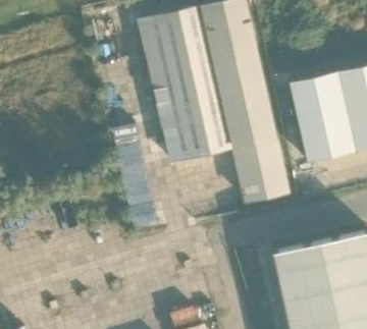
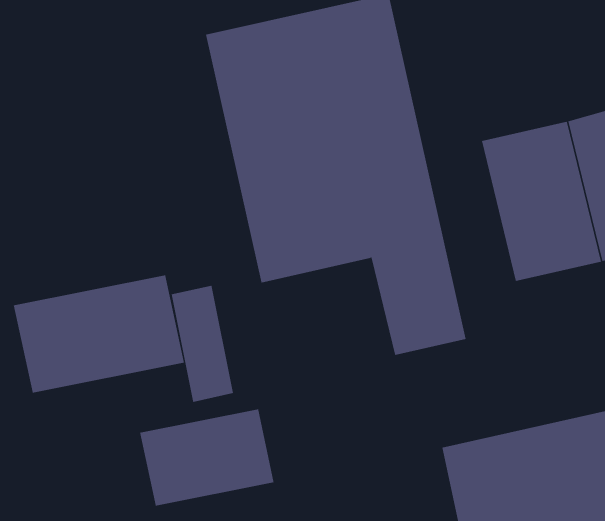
building: none -> [13,274,185,394]
building: none -> [140,408,274,506]

